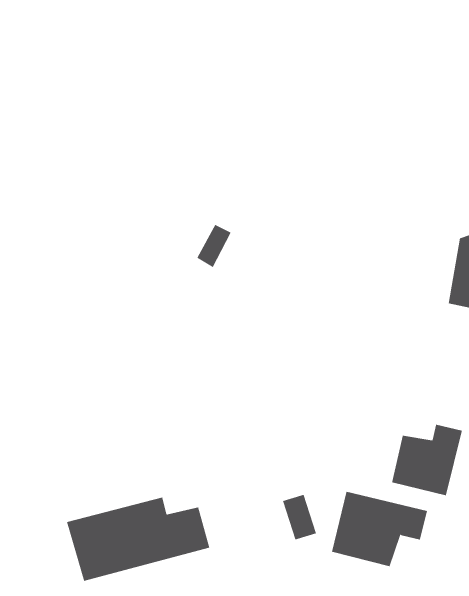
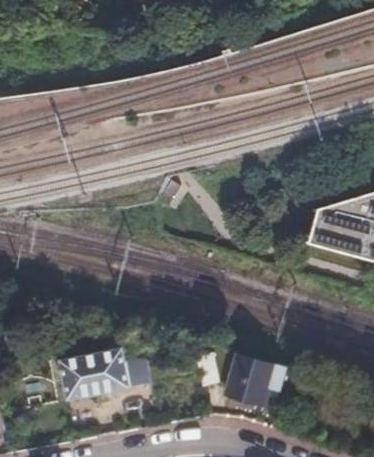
building: [391,424,462,496] -> none

